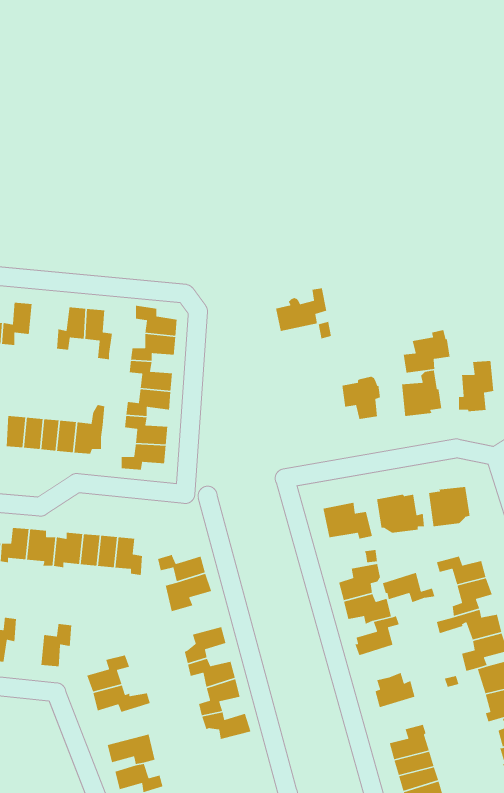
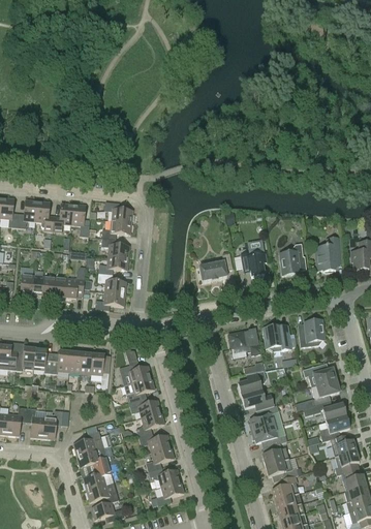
building: [275,288,327,332] -> [198,252,233,281]
building: none -> [35,199,54,229]
building: [403,329,451,373] -> none
building: [382,572,436,603] -> [251,424,286,444]
building: none -> [128,398,161,416]
building: none -> [26,406,44,437]
building: none -> [265,458,298,480]
building: none -> [83,464,114,489]
building: none -> [151,480,184,505]

